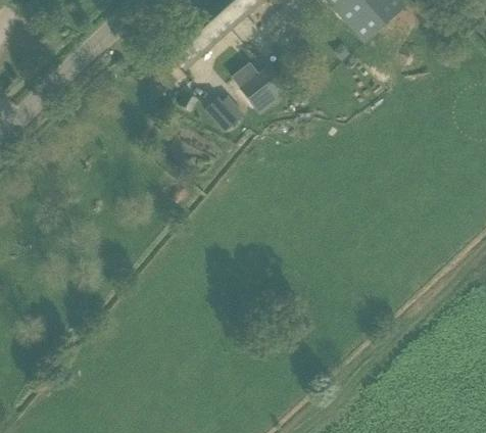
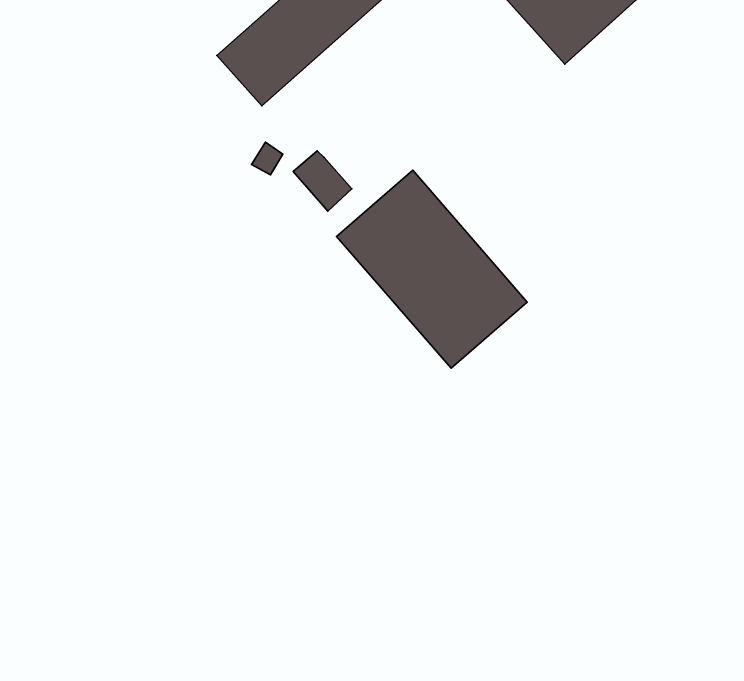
building: [240,62,287,106] -> none
building: none -> [337,170,527,368]

